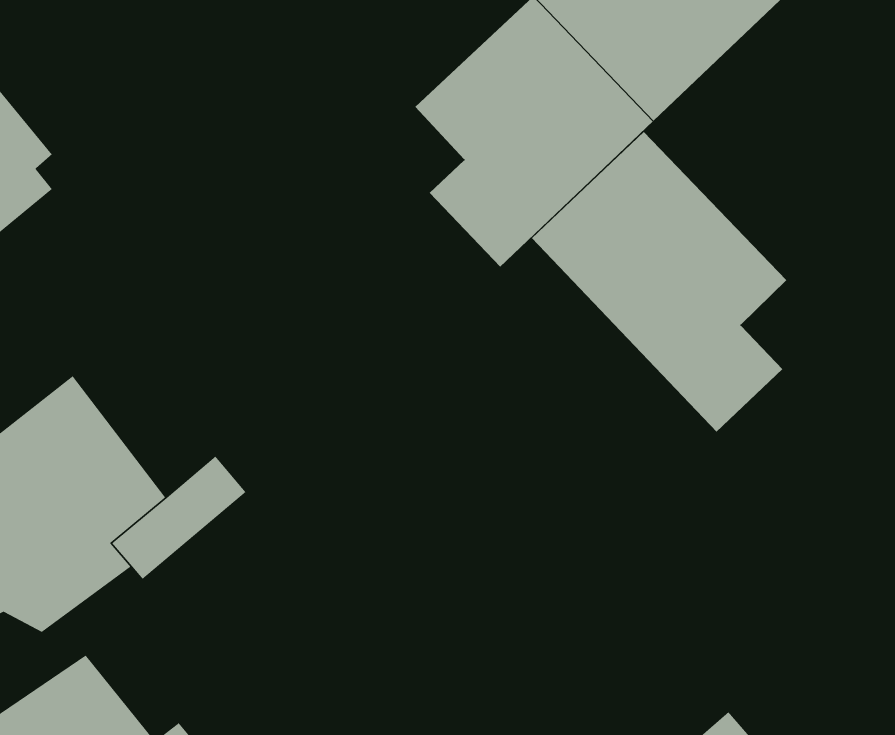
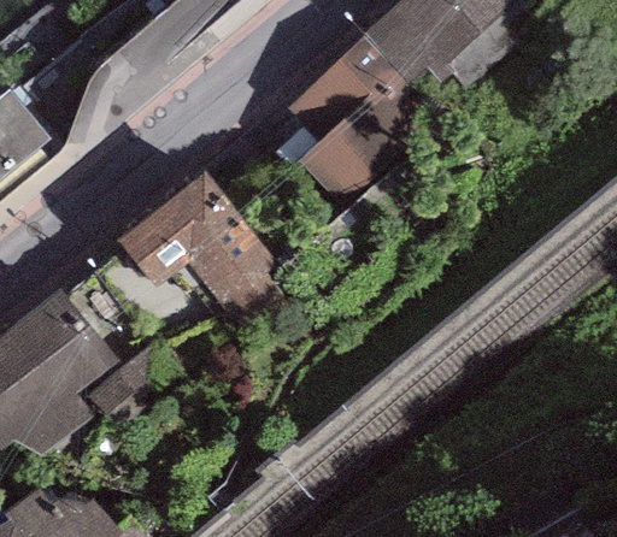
building: [531,131,787,433] -> none
building: none -> [111,169,290,327]

